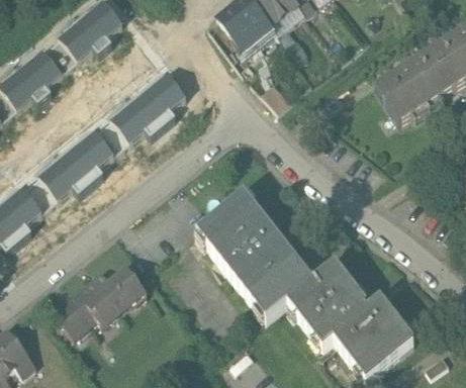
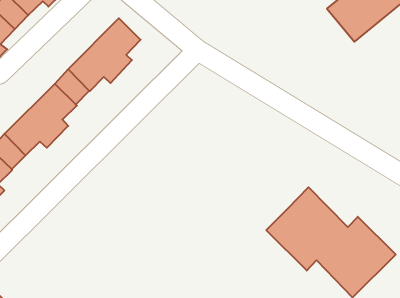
building: [200,194,312,314] -> none
building: [55,265,146,329] -> none

